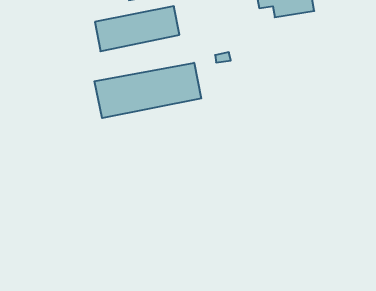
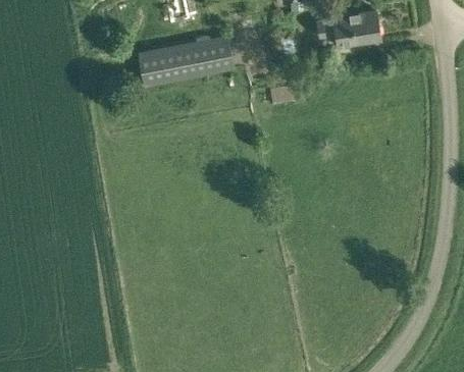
building: [94,63,201,118] -> none

